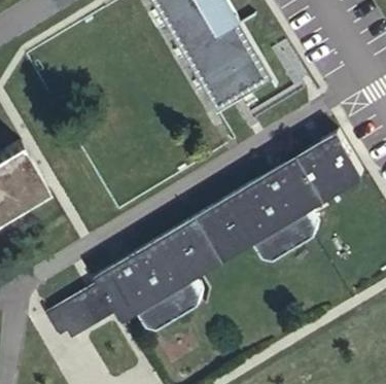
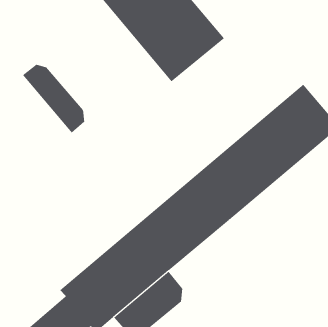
building: none -> [22,64,85,134]
building: [254,207,320,260] -> none

